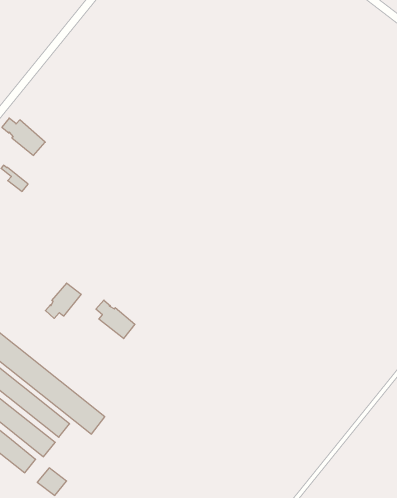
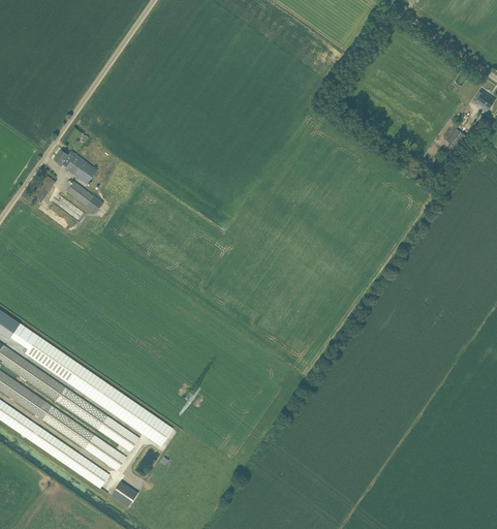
building: none -> [65,180,102,213]
building: [45,283,81,318] -> none
building: [96,300,135,339] -> none

